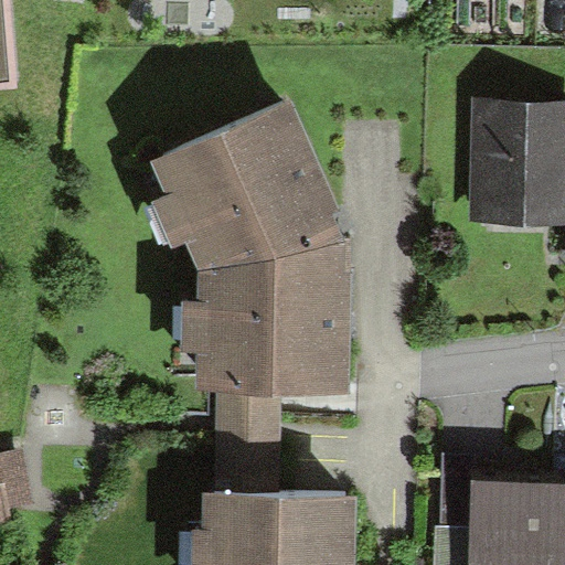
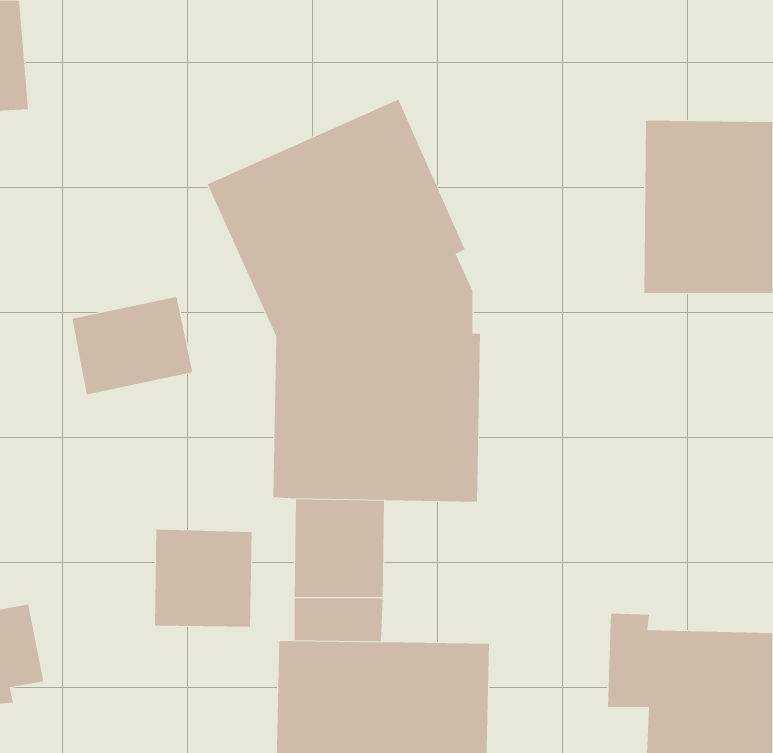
building: none -> [72,296,193,395]
building: none -> [154,529,252,627]

